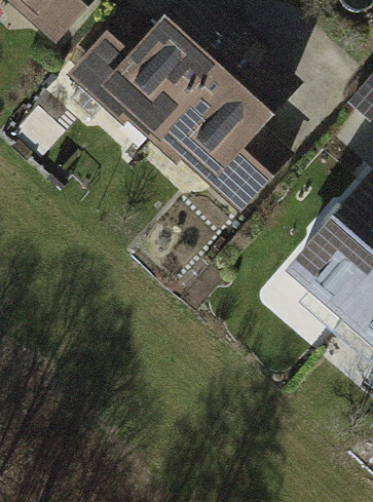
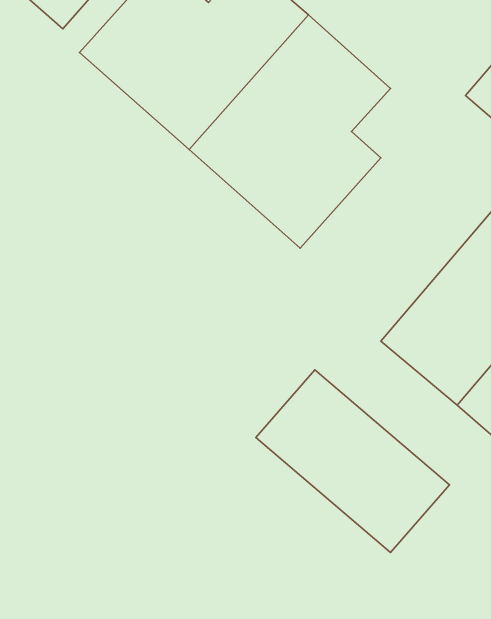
building: none -> [256,370,449,552]

